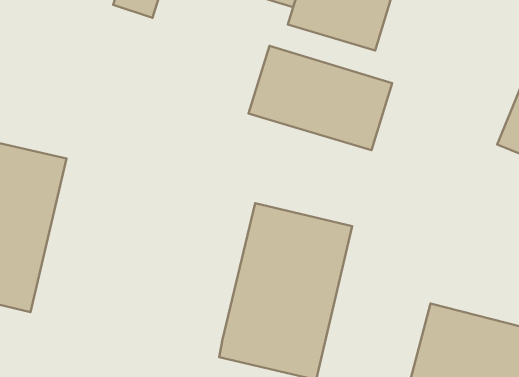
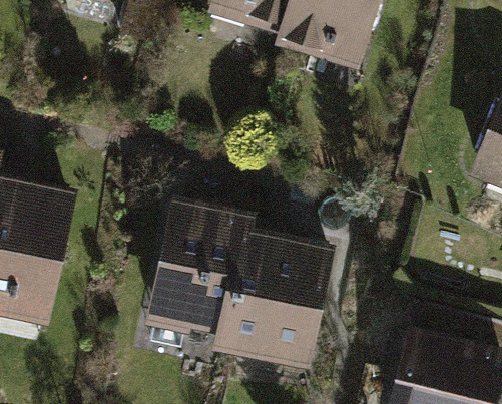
building: [248,46,392,150] -> none
building: none -> [145,194,250,352]

